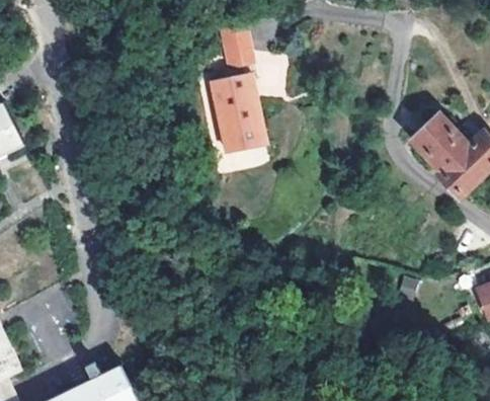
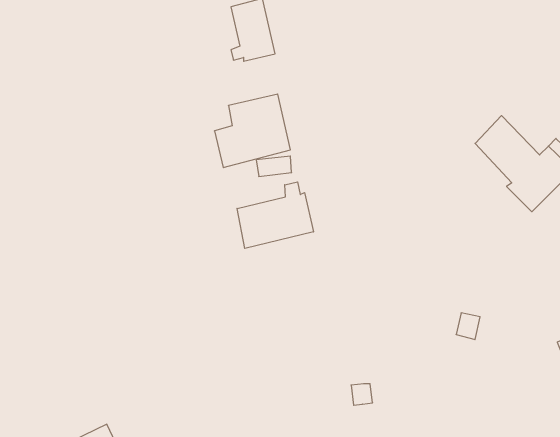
building: [212,76,257,108] -> none
building: none -> [237,182,313,248]

